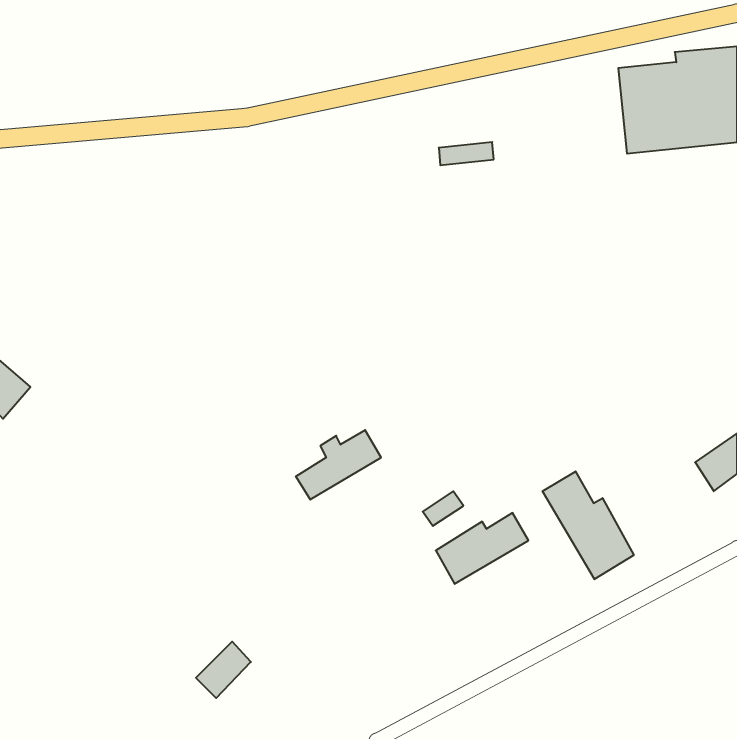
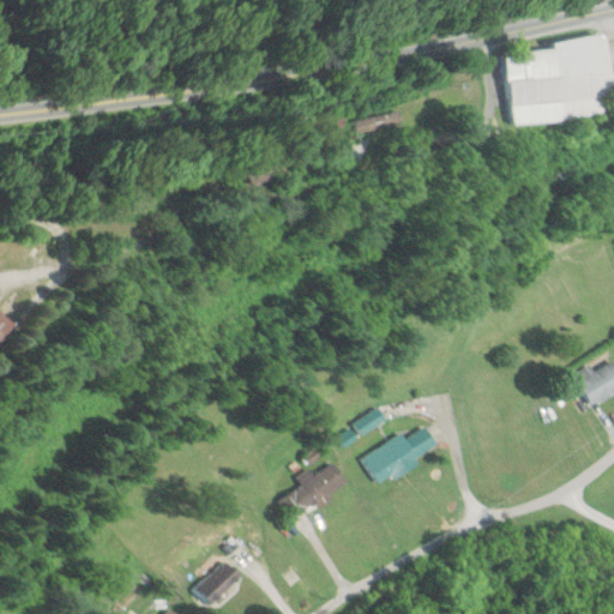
building: [296,430,381,500] -> [275,463,345,520]
building: [543,471,634,579] -> none
building: [196,642,251,698] -> [193,559,239,606]

